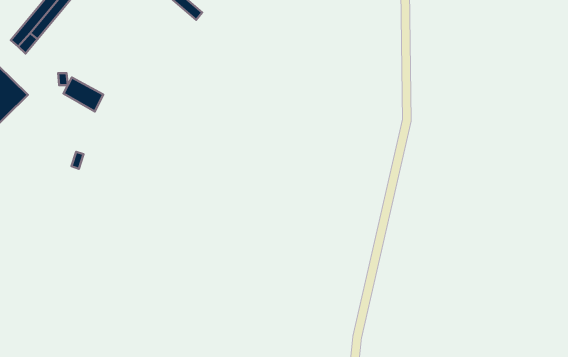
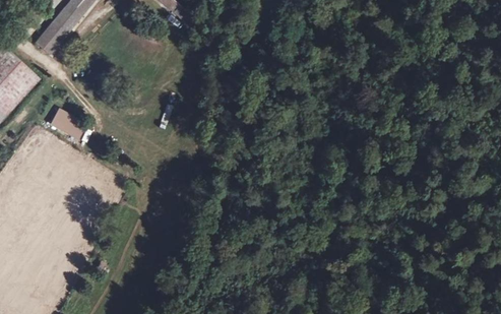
building: [63,78,103,112] -> [48,111,81,139]

